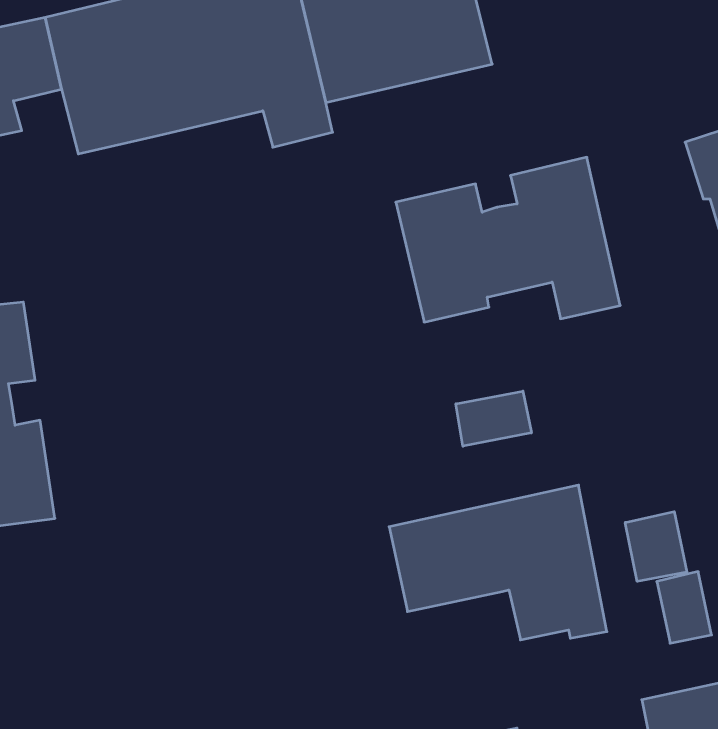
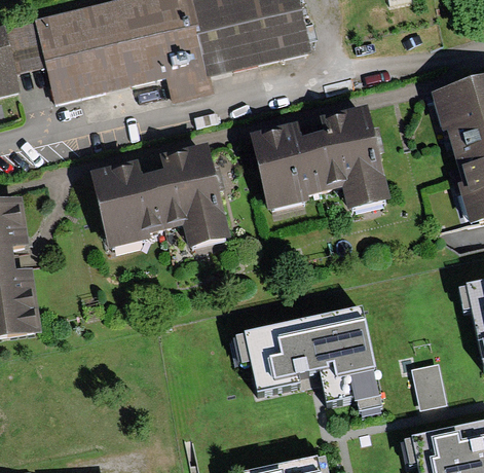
building: none -> [90,148,227,247]
building: [456,391,531,446] -> none
building: [625,512,687,581] -> none

